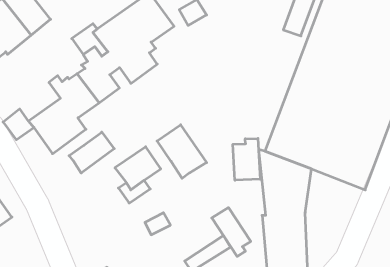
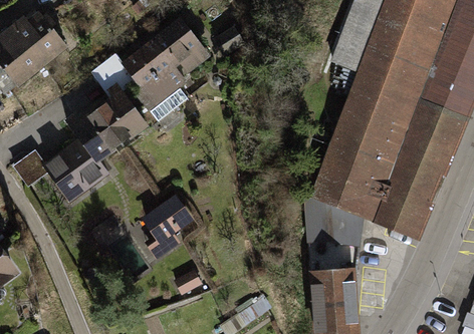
building: [157,125,207,178] -> none
building: [69,132,114,173] -> none
building: [233,138,260,180] -> none
building: [212,208,251,256] -> none

